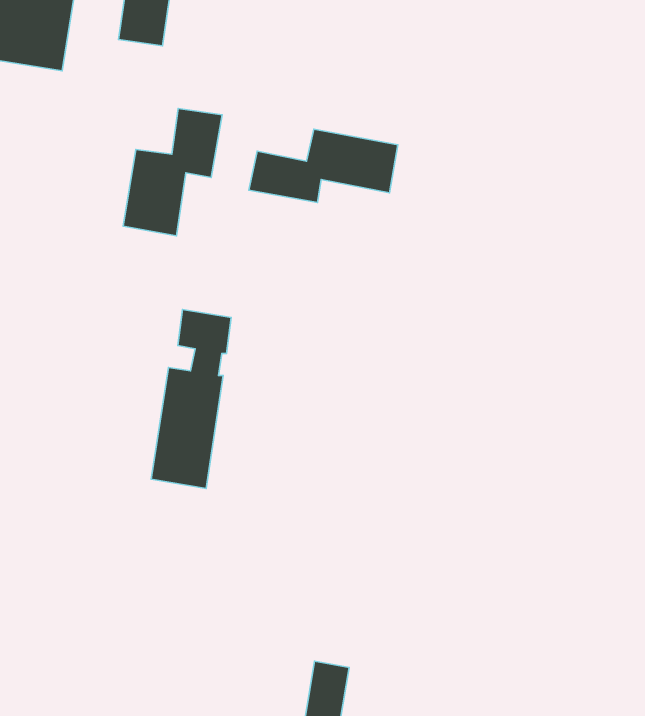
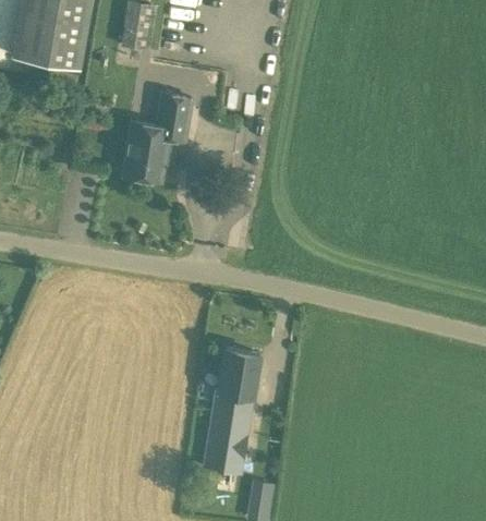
building: [249,129,398,202] -> none
building: [151,310,231,489] -> [203,351,258,475]

